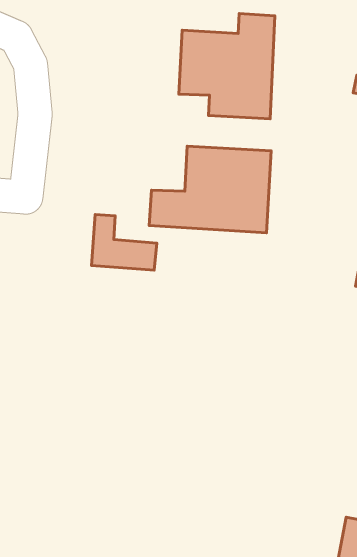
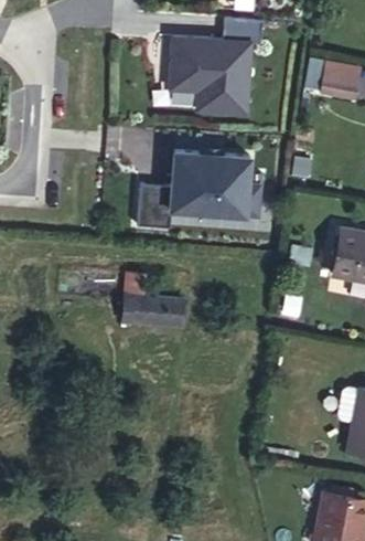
building: [91,215,157,270] -> [122,273,183,325]

